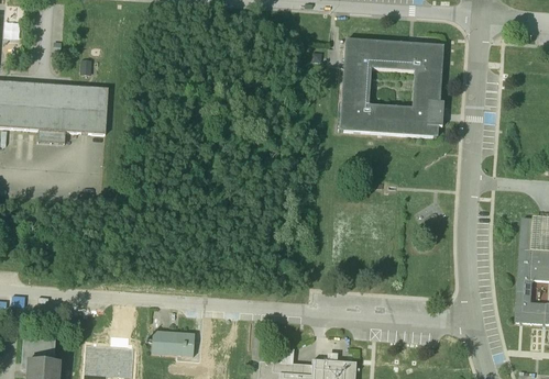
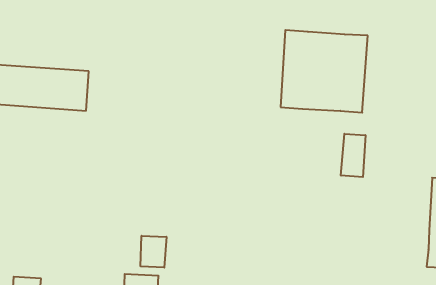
building: none -> [341,134,365,177]
building: none -> [141,236,166,268]

